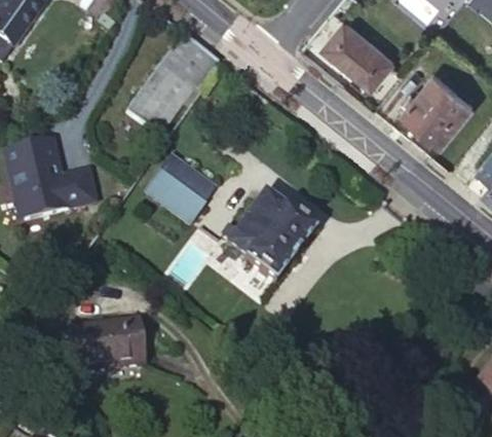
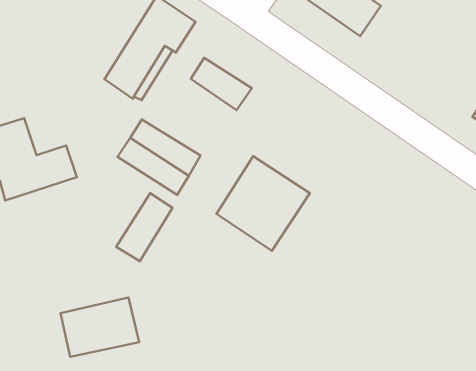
building: [404,69,477,141] -> none
building: none -> [191,58,252,110]
building: none -> [116,193,172,261]

